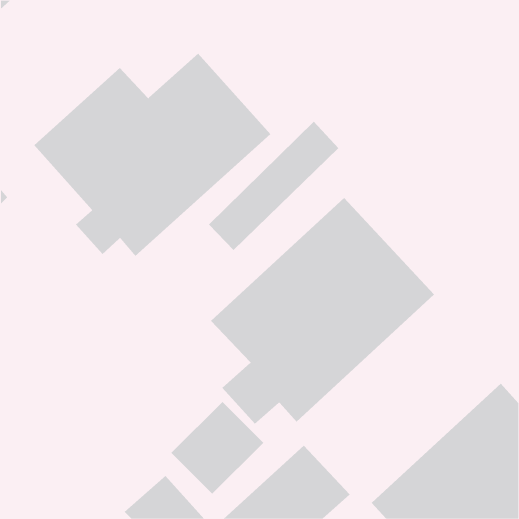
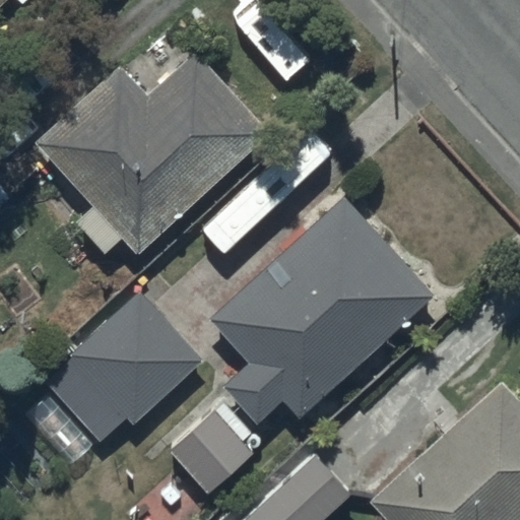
building: none -> [46,294,203,441]

